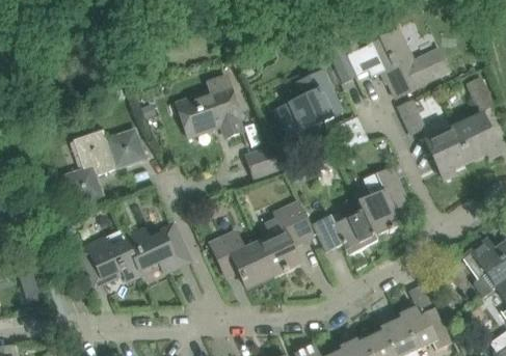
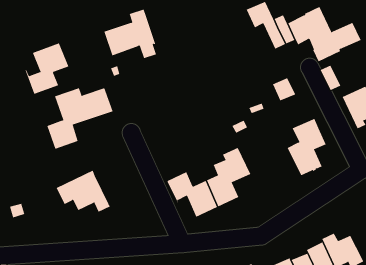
building: [274,69,343,148] -> none
building: none -> [25,43,69,95]
building: [177,75,242,136] -> [103,9,157,59]
building: [246,147,277,176] -> none
building: [313,196,377,255] -> none
building: [124,223,183,273] -> none

